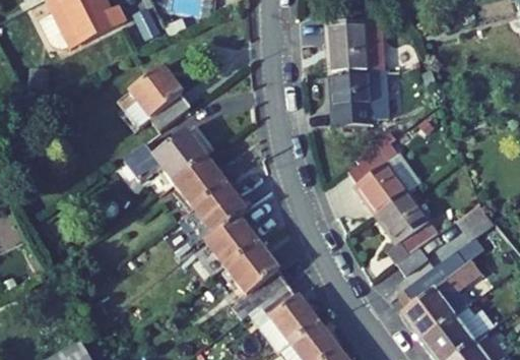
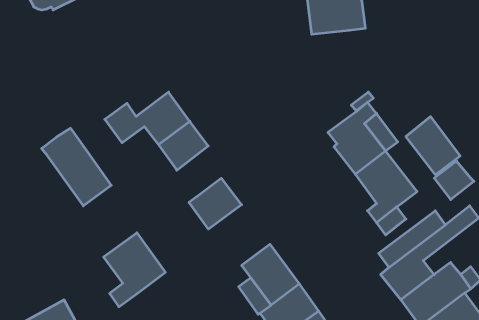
building: [132,65,191,130] -> none
building: [331,68,375,122] -> none
building: none -> [406,117,460,175]
building: none -> [42,128,111,206]
building: [196,184,248,235] -> none
building: [228,243,289,317] -> [104,233,165,307]

